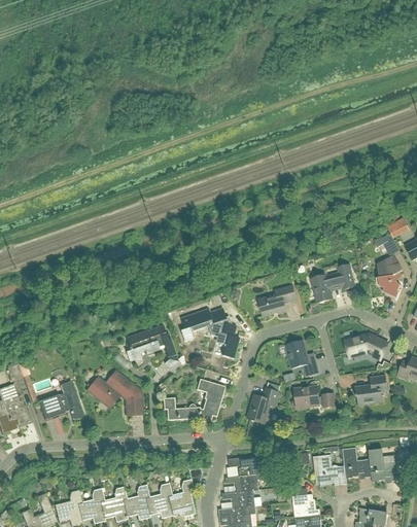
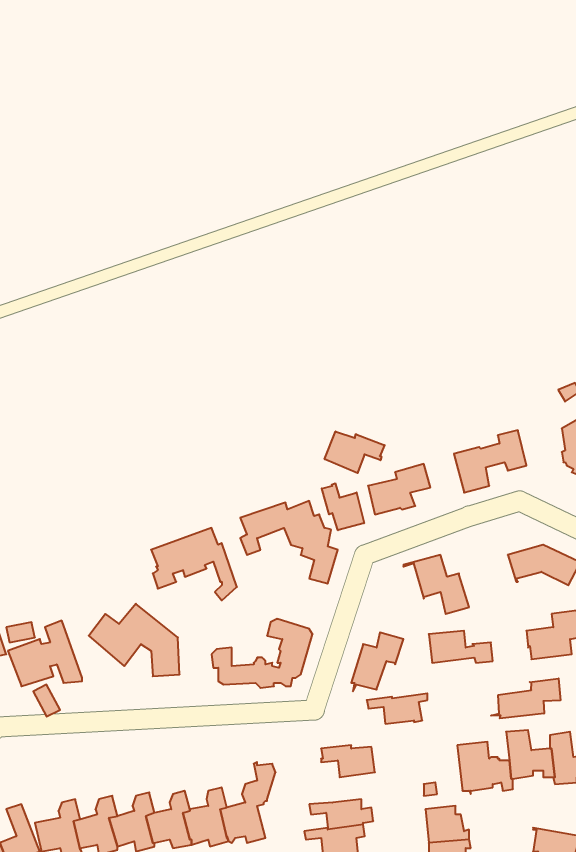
building: none -> [325,431,385,473]
building: none -> [322,483,364,530]
building: none -> [491,678,560,718]
building: [224,473,262,492] -> [367,693,427,724]

